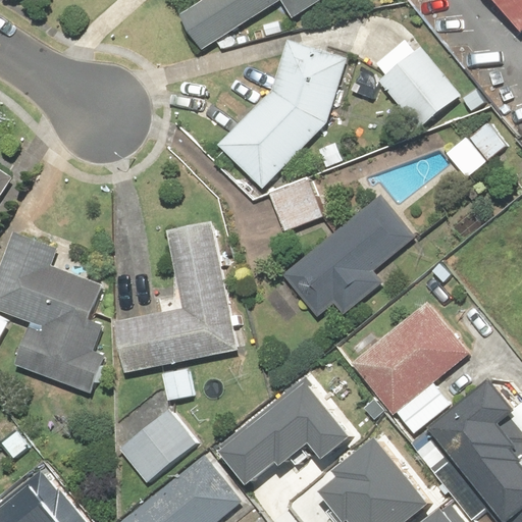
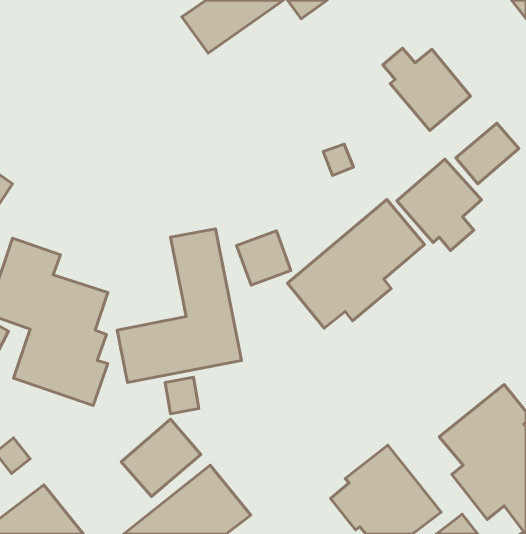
building: [215,38,349,191] -> none
building: none -> [397,159,482,250]
building: [269,180,322,233] -> [237,231,291,285]
building: [351,303,470,434] -> none
building: [219,374,351,476] -> none

